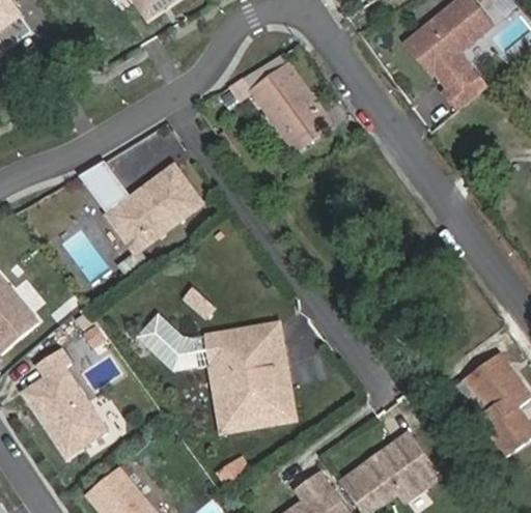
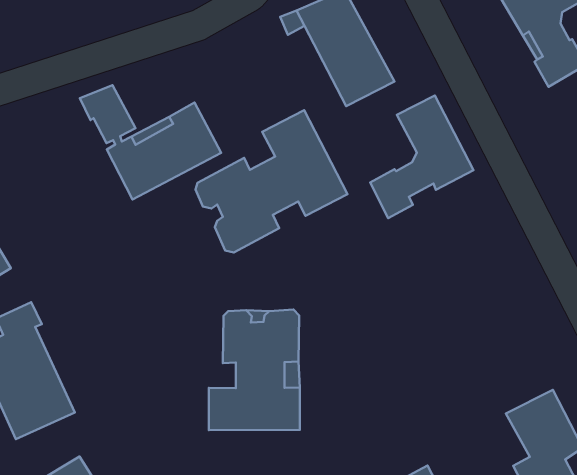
building: none -> [370,95,474,218]
building: none -> [195,110,347,253]
building: [137,311,225,375] -> none

